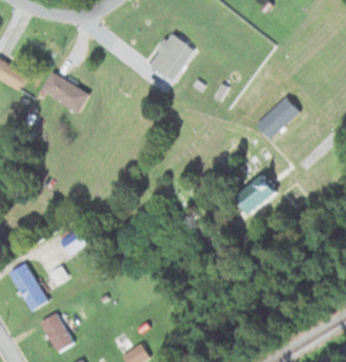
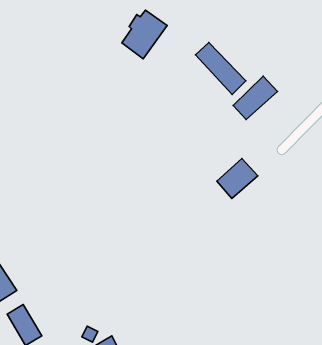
building: none -> [196,42,246,94]
building: [42,71,89,113] -> none

